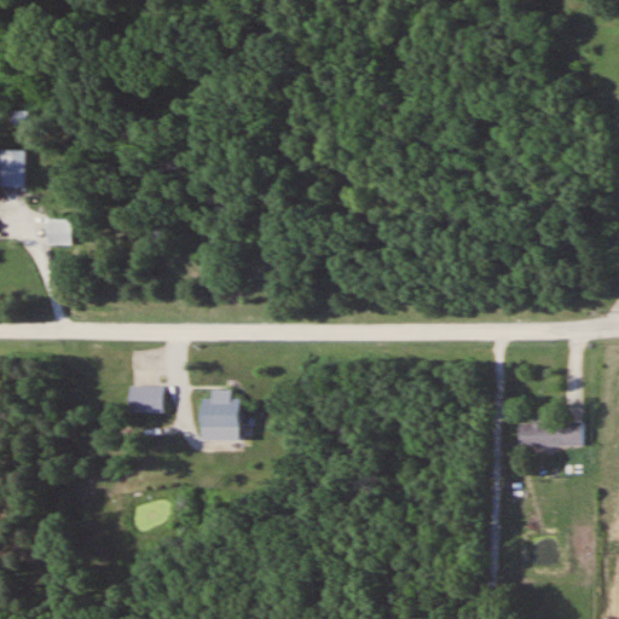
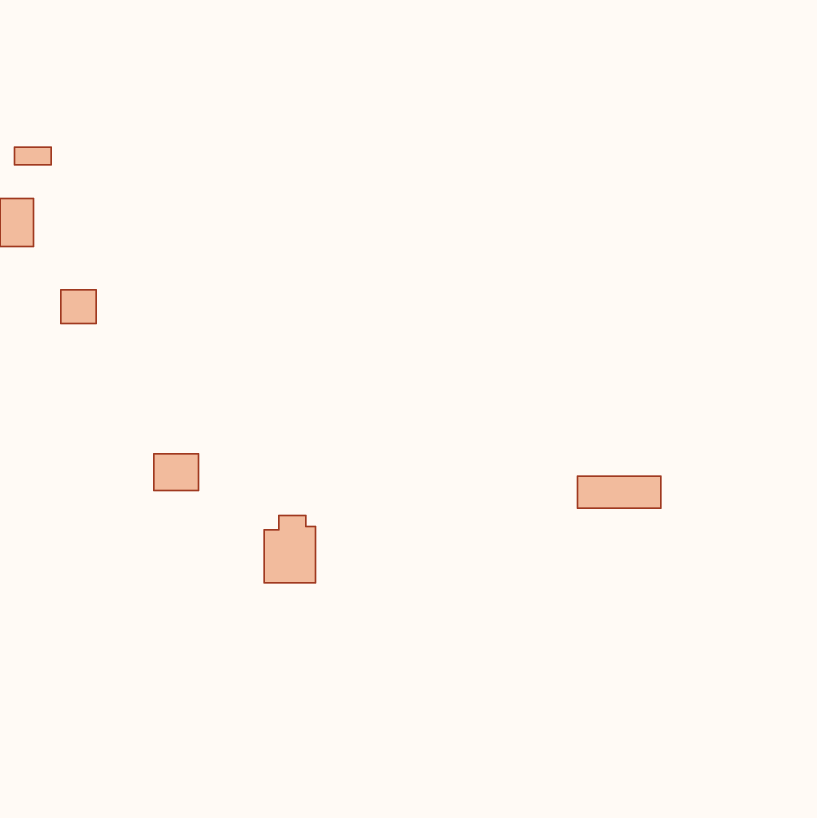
building: [128,386,162,413] -> [154,454,199,491]
building: [520,422,583,446] -> [578,476,661,508]

